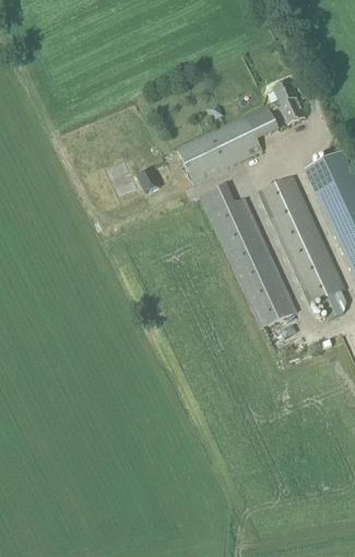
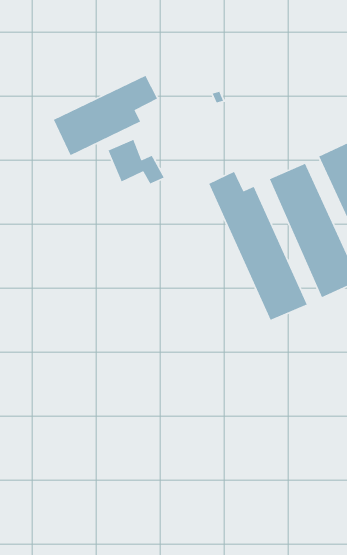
building: [273,78,305,121] -> none
building: [178,103,279,181] -> [53,75,158,156]

